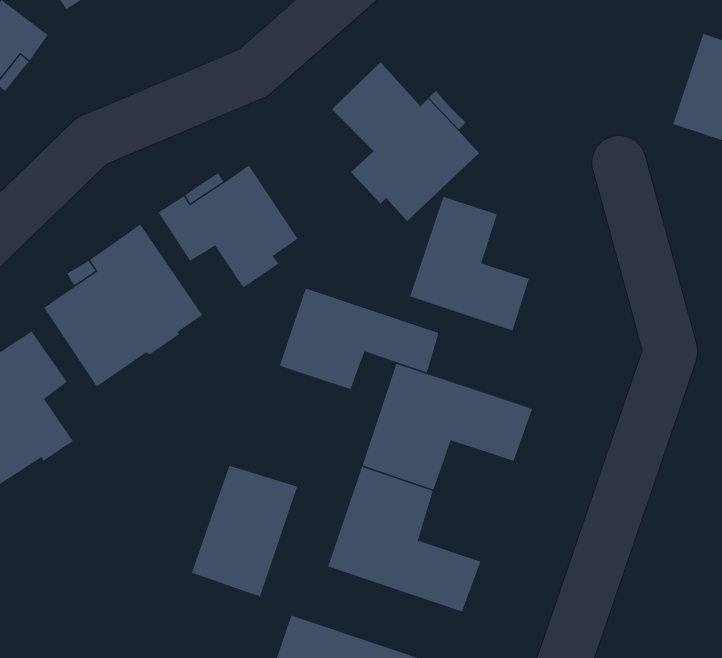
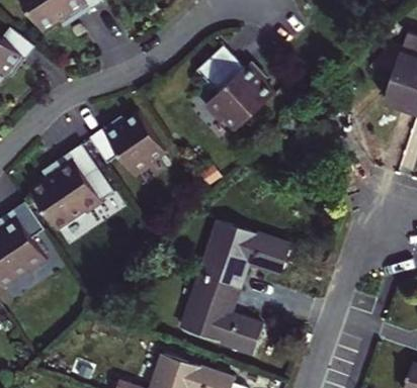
building: [409,196,530,332] -> none
building: [279,287,440,390] -> none
building: [191,465,298,597] -> none

